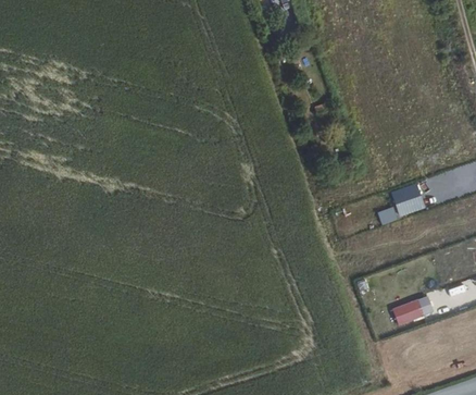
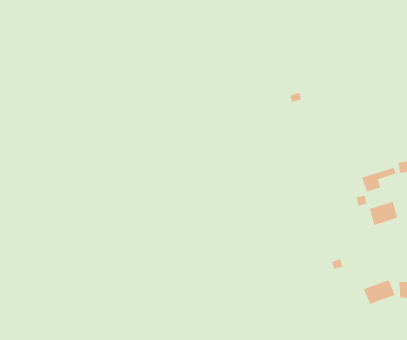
building: none -> [369,201,398,226]

